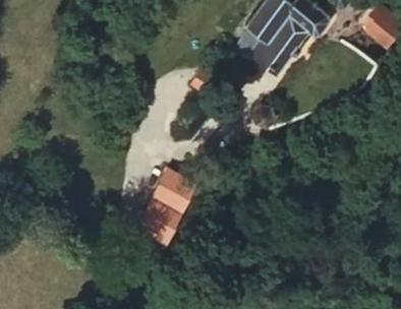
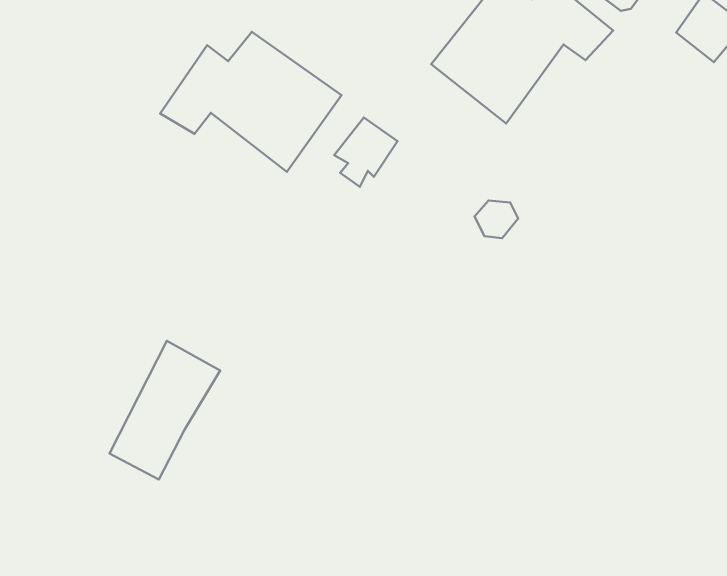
building: none -> [160,32,341,172]
building: [139,176,196,247] -> [109,341,220,479]

